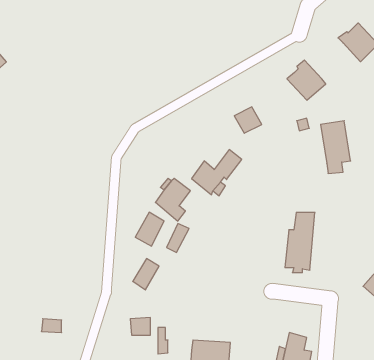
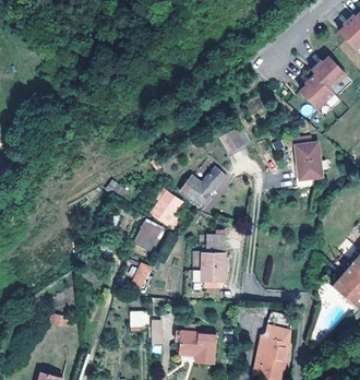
building: [287,60,326,100] -> [299,73,333,108]
building: [285,212,315,273] -> [197,236,224,288]

